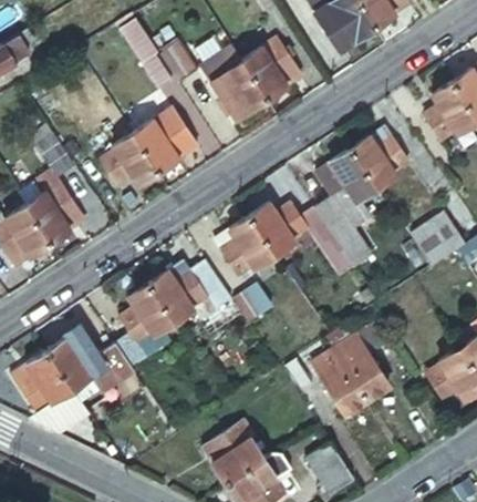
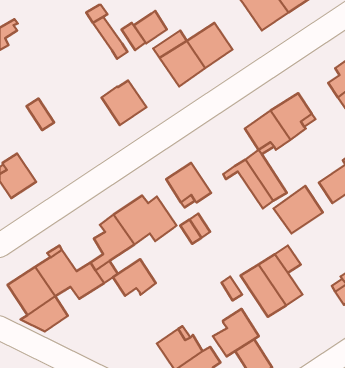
building: none -> [134,11,167,44]
building: [104,133,156,191] -> none
building: [24,183,83,242] -> none
building: [248,203,303,256] -> none
building: none -> [274,186,323,234]
building: none -> [113,259,156,296]
building: none -> [213,309,259,357]

